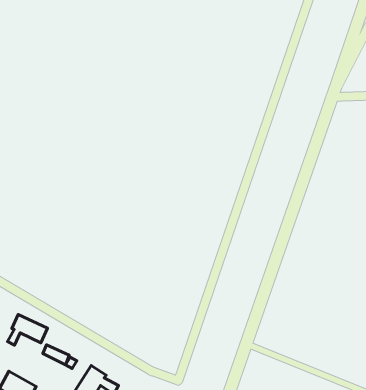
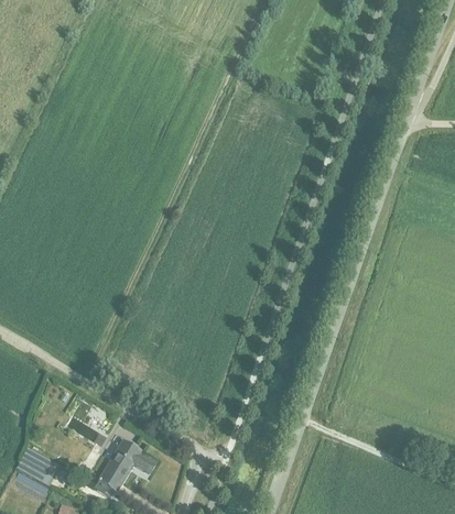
building: [8,315,48,345] -> none

